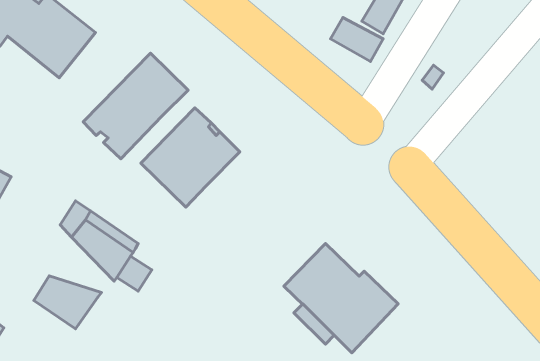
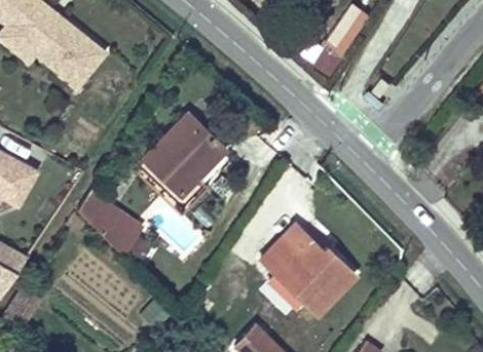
building: [83,53,188,159] -> none
building: [34,276,101,329] -> none

